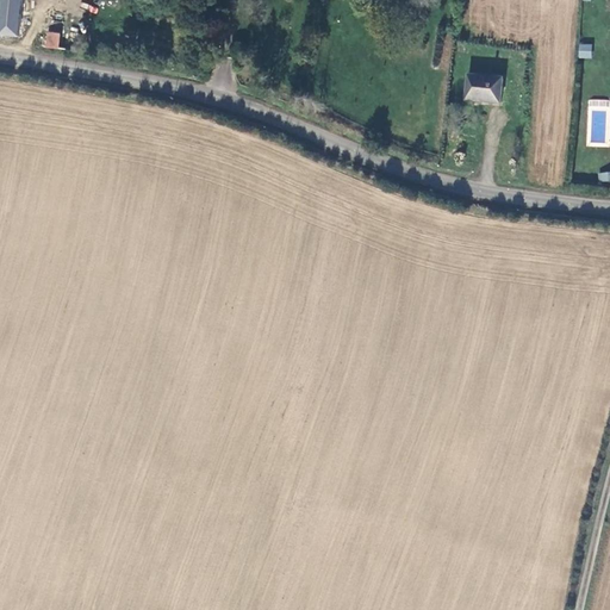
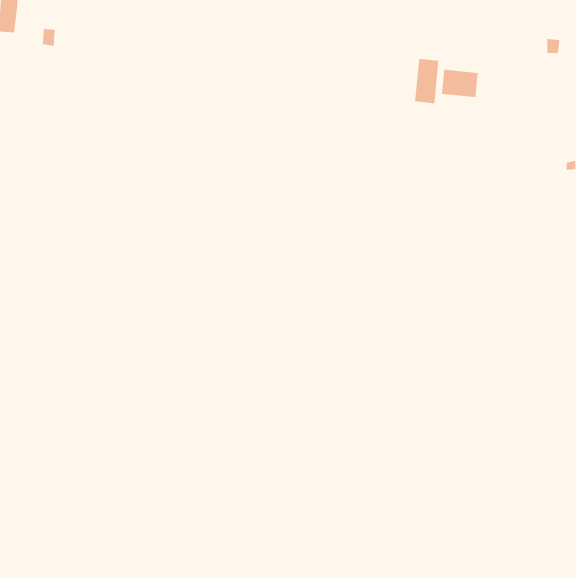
building: none -> [415,58,439,104]

